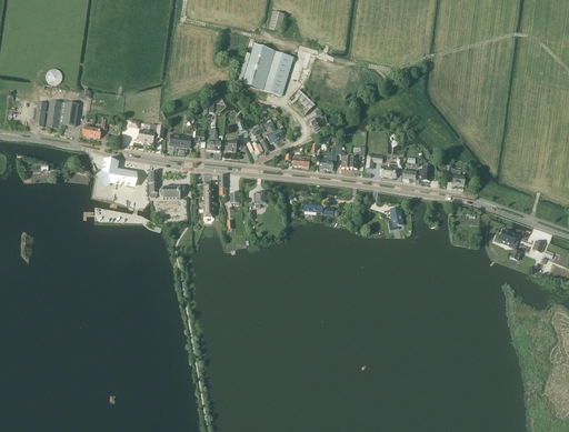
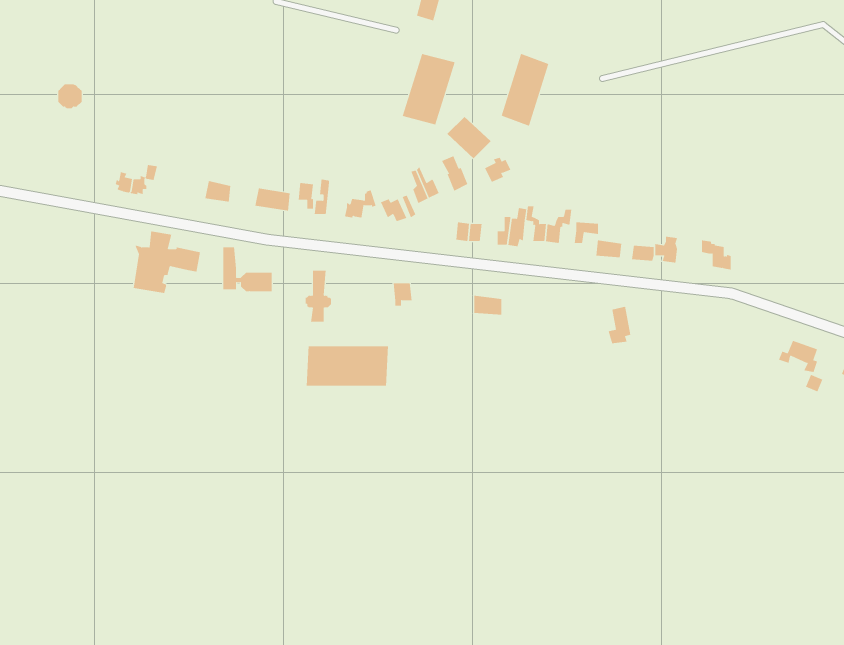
building: [242,43,272,89] -> [501,53,549,127]
building: [34,100,79,129] -> none
building: none -> [306,346,388,387]

